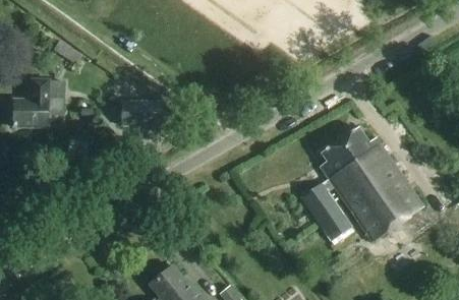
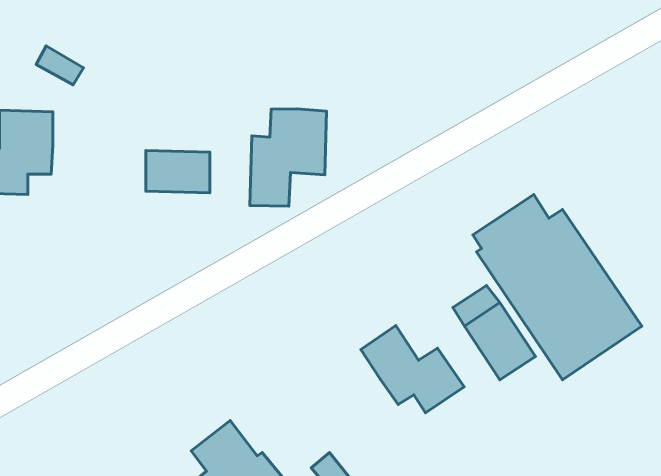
building: none -> [250,109,327,206]
building: none -> [361,326,464,413]

